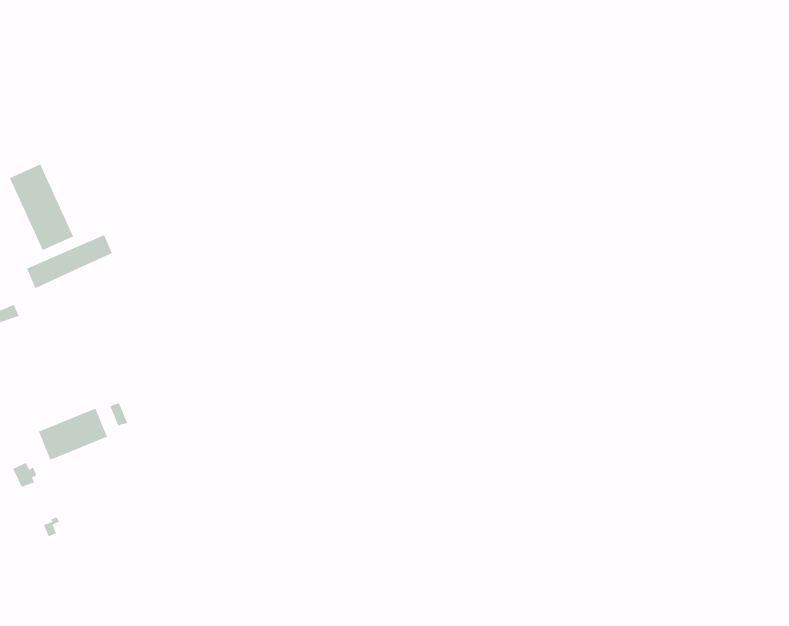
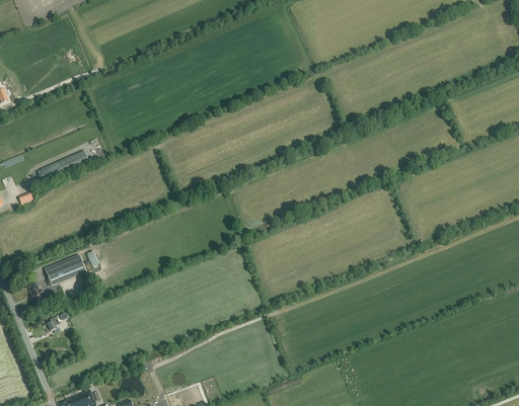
building: [9,163,74,251] -> none

